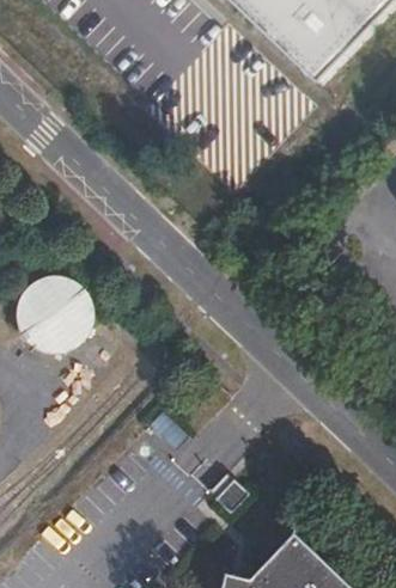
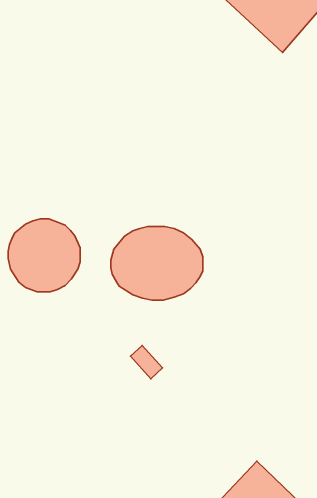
building: none -> [111,226,203,300]

